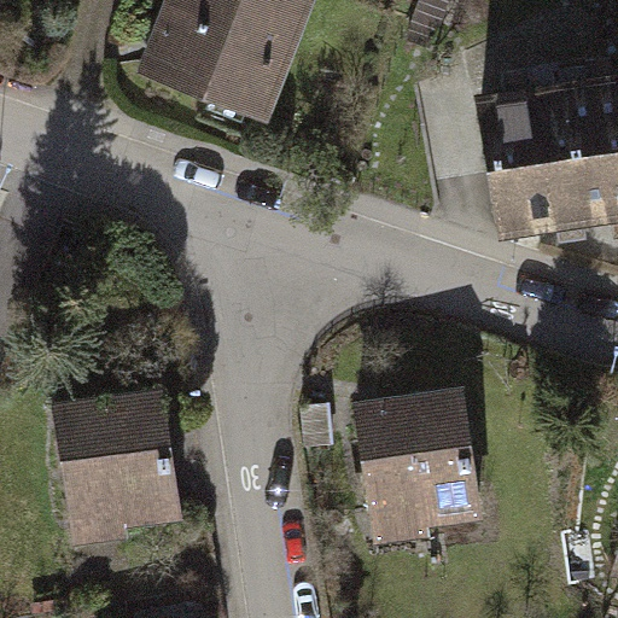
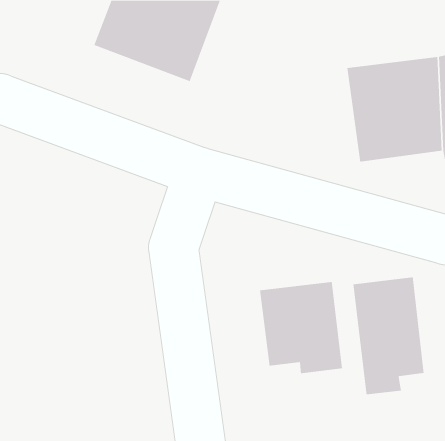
building: none -> [353,276,424,395]
building: [57,396,175,525] -> none

